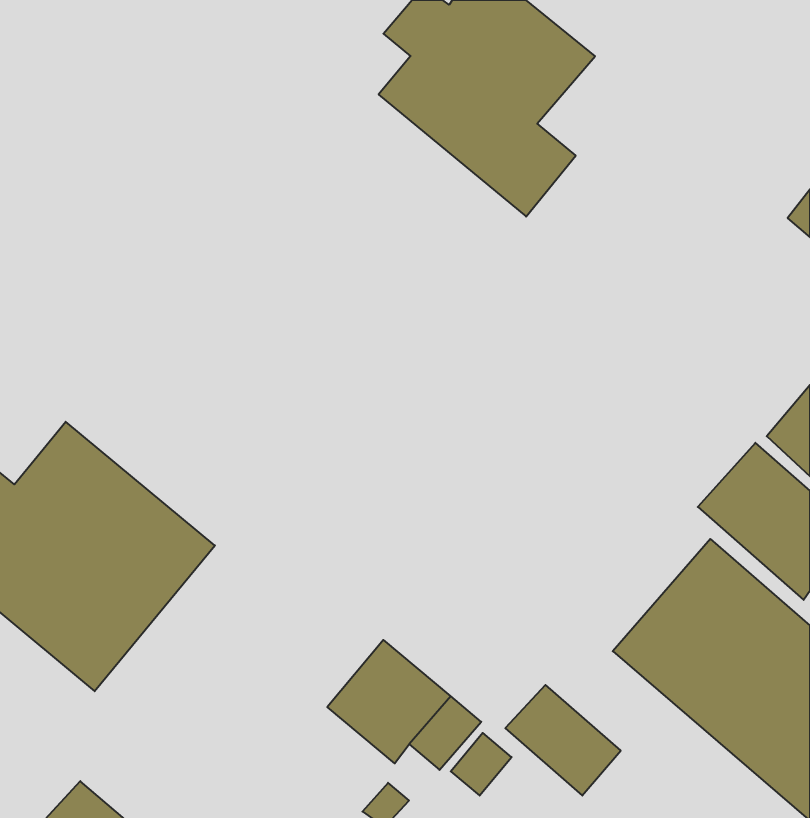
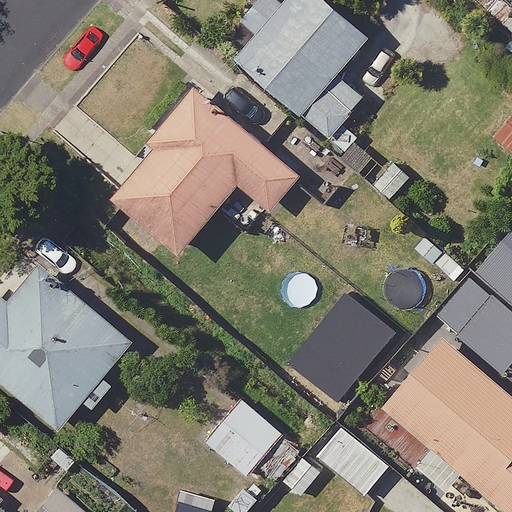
building: none -> [111,89,300,256]
building: none -> [289,294,395,403]

